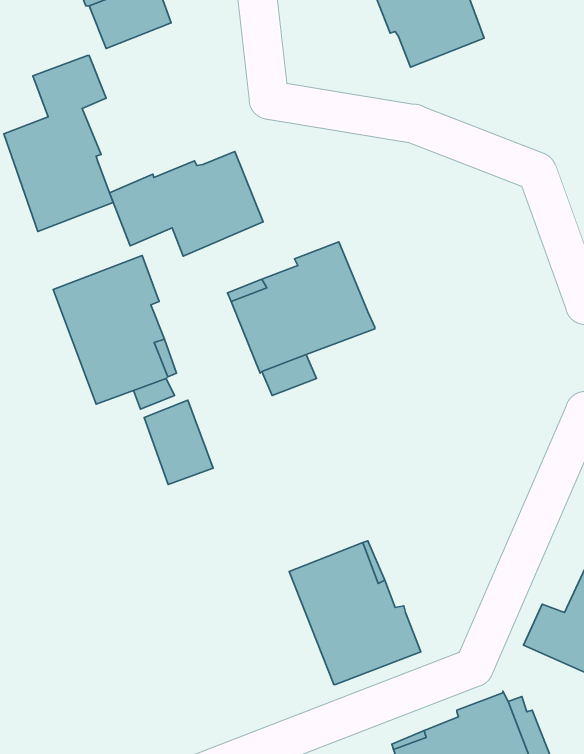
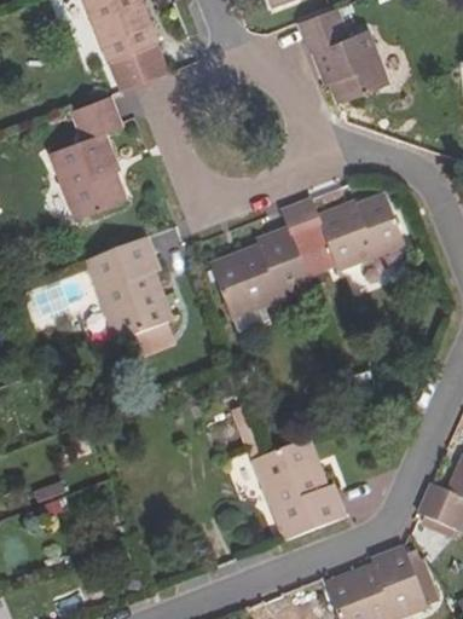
building: [110,151,263,256] -> none
building: none -> [280,193,405,277]
building: [144,400,213,484] -> none

